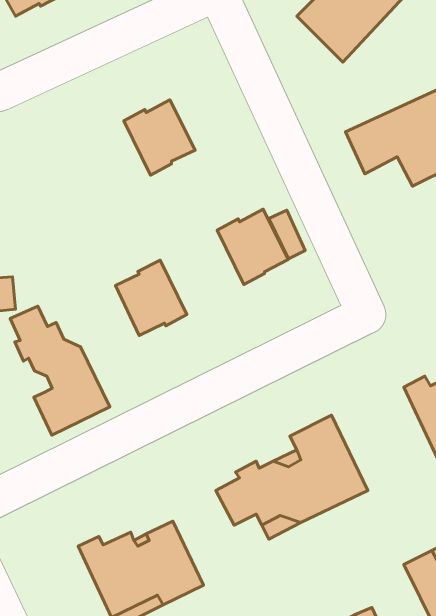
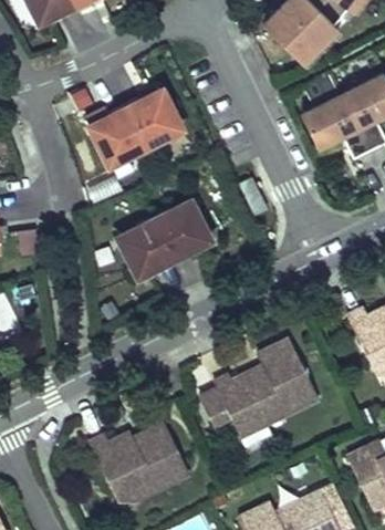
building: none -> [89,106,146,166]
building: [217,209,288,285] -> [154,200,210,260]
building: [10,306,110,435] -> none

